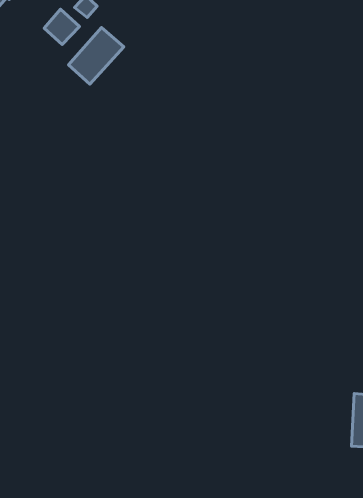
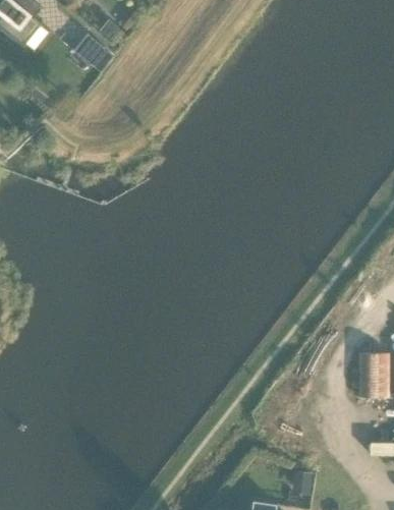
building: [69,28,124,84] -> none

